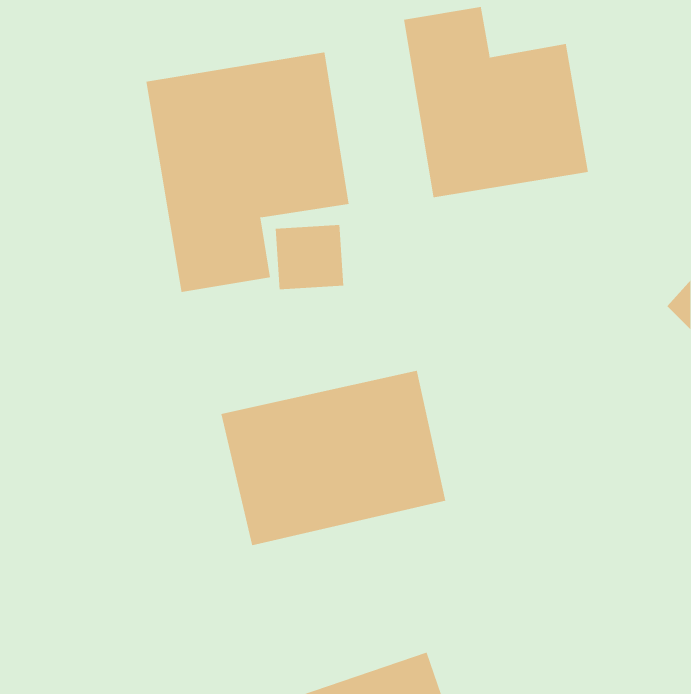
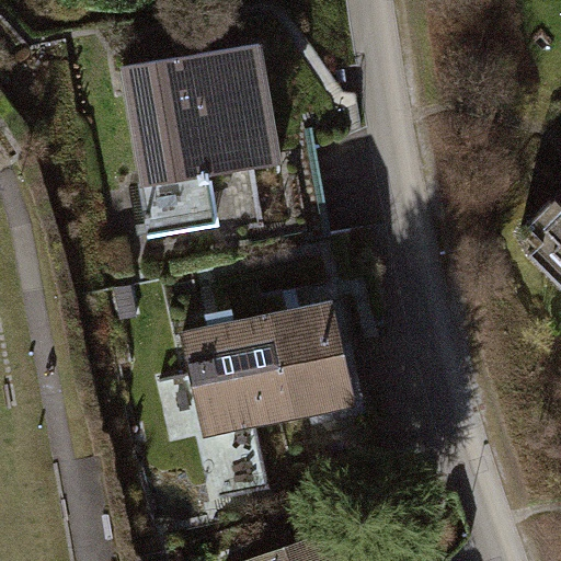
building: [404,6,589,198] -> none

